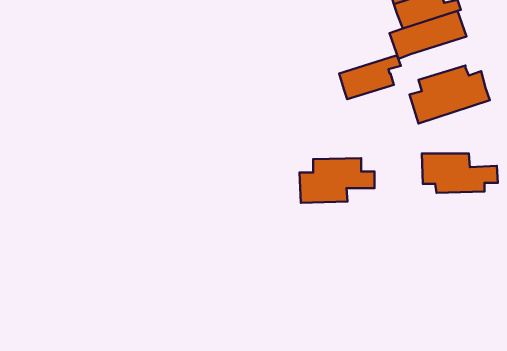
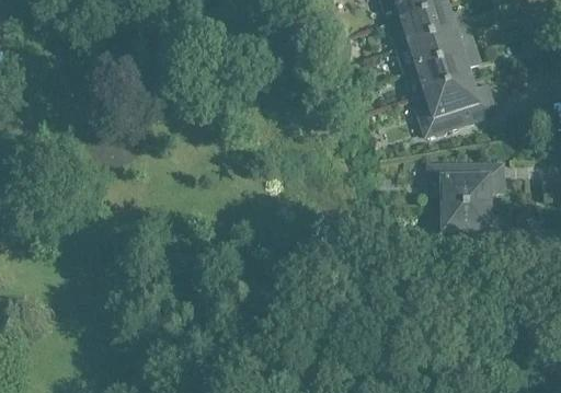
building: [339,56,401,99] -> [419,47,479,90]
building: [300,158,374,203] -> [431,199,504,243]

